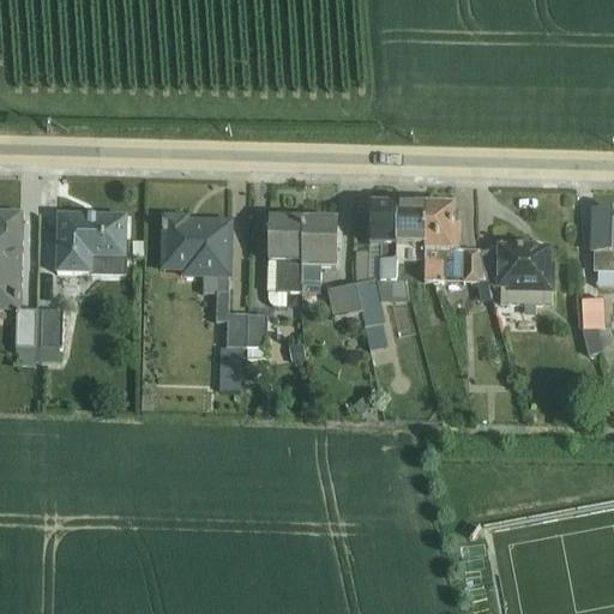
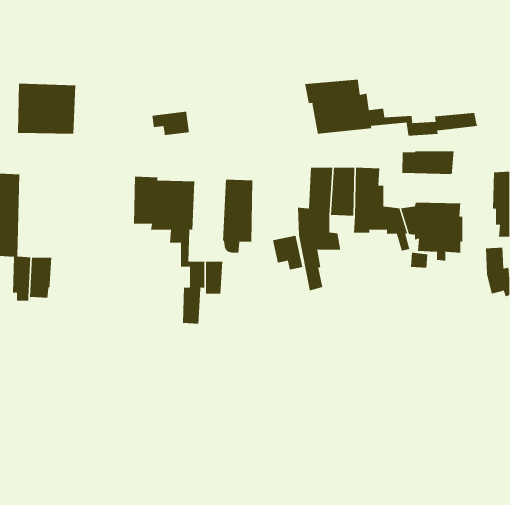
building: none -> [305,79,478,137]
building: none -> [152,111,189,136]
building: none -> [402,150,454,175]
building: [56,211,127,272] -> [17,83,76,134]
building: [302,216,338,291] -> none

